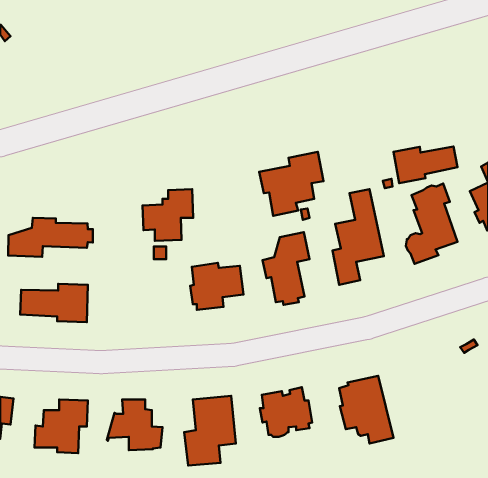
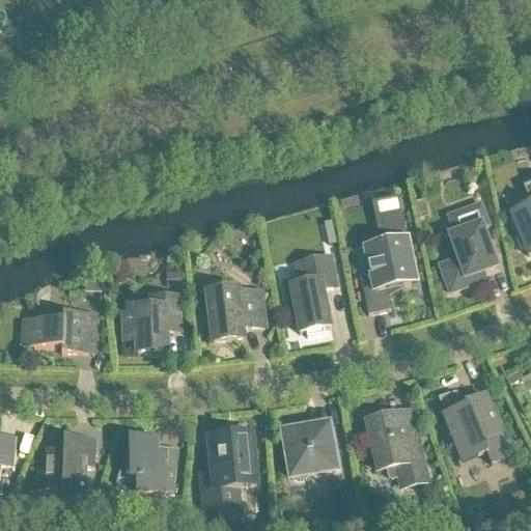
building: [394,146,457,183] -> none
building: [259,152,324,216] -> none
building: [142,189,193,241] -> [124,291,179,347]
building: [8,218,93,257] -> none
building: none -> [439,386,510,459]

